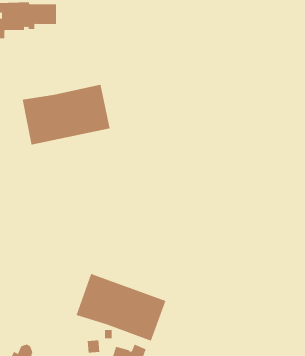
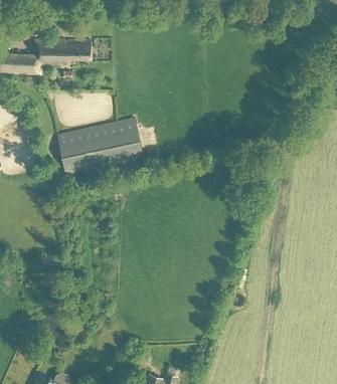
building: [76,273,166,342] -> none

